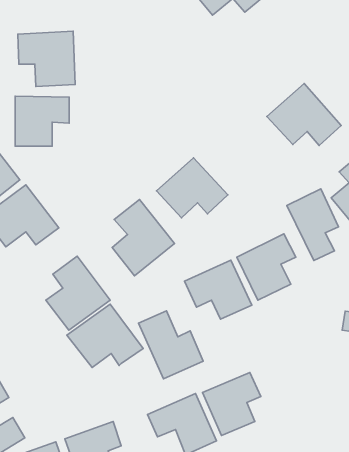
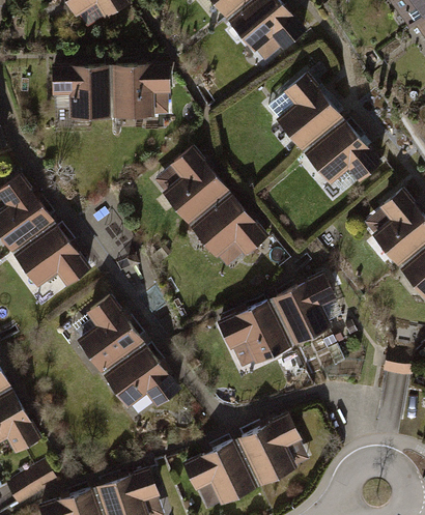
building: none -> [278,75,341,148]
building: [15,96,69,146] -> [112,64,168,116]
building: [287,189,339,260] -> none
building: [112,199,175,276] -> [164,143,228,222]
building: [139,311,203,379] -> none

